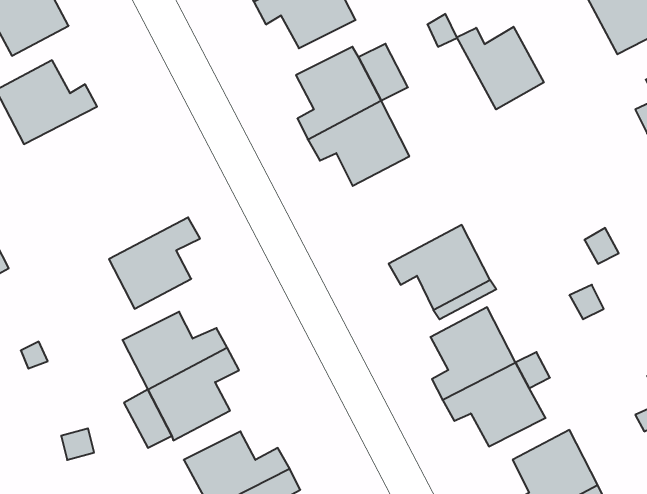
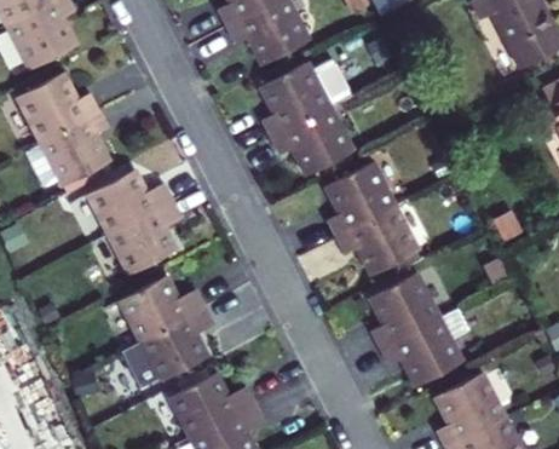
building: [457,27,544,109] -> none
building: none -> [40,111,109,186]
building: none -> [325,162,394,238]
building: none -> [87,171,173,235]

